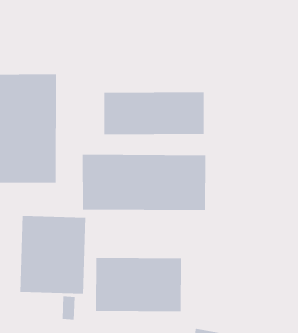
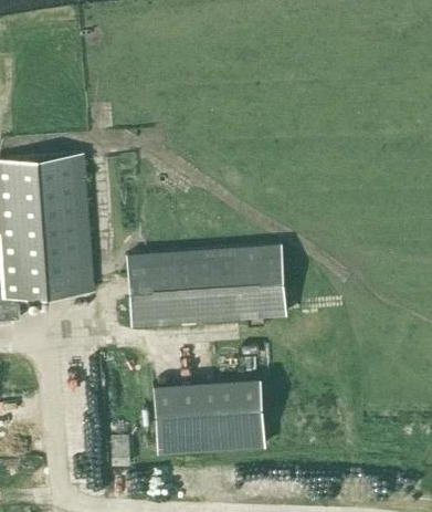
building: [104,92,204,135] -> none
building: [20,215,86,295] -> none

